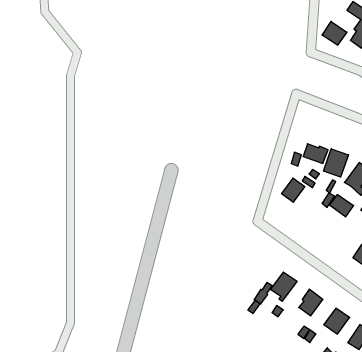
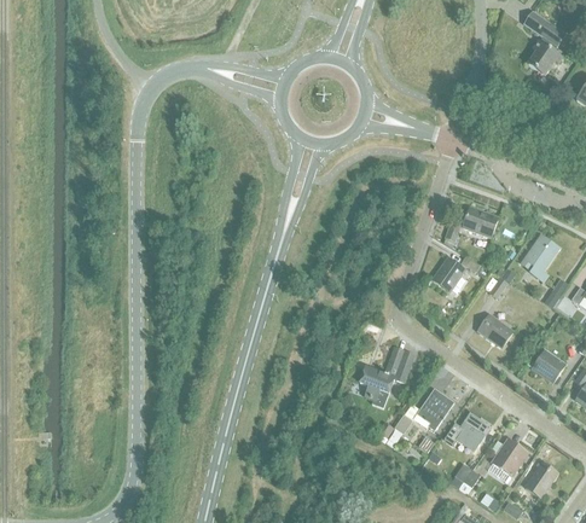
building: [322,21,347,45] -> none
building: [323,149,348,177] -> none
building: [329,195,354,217] -> [478,314,512,345]
building: none -> [360,347,412,406]

